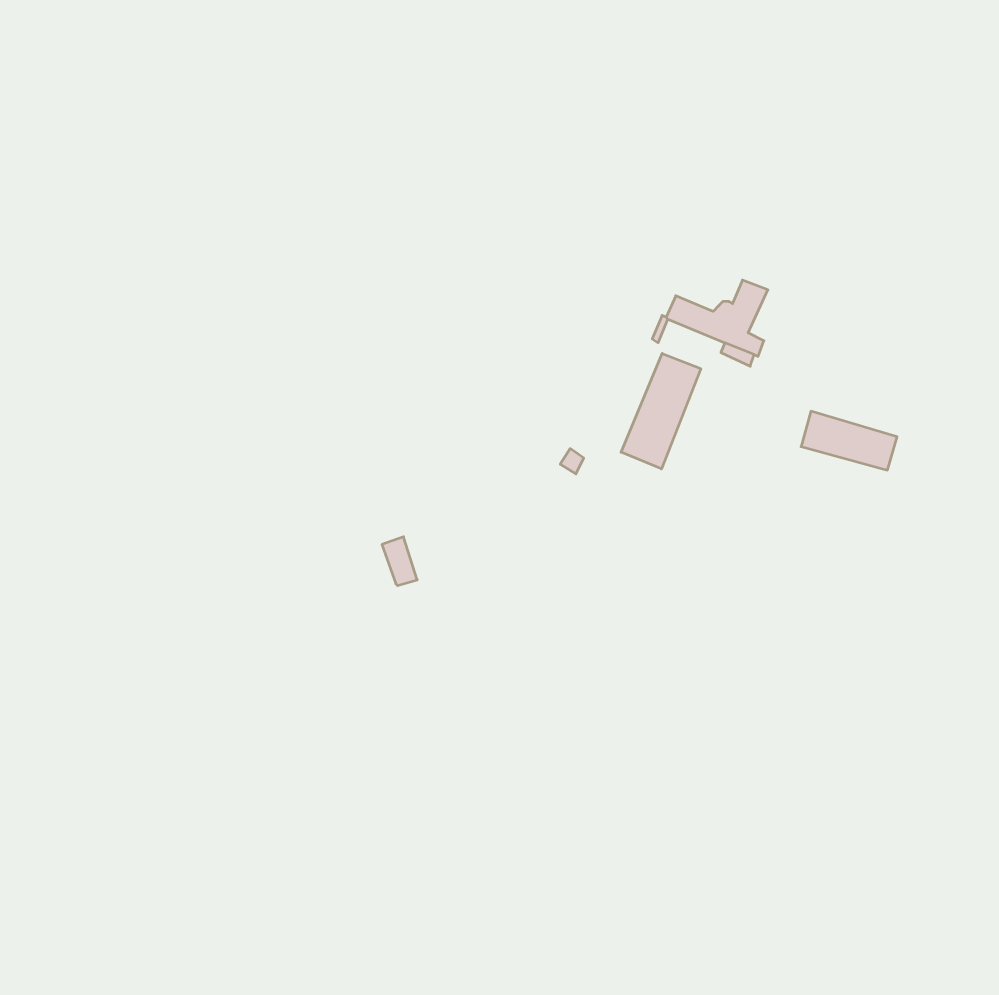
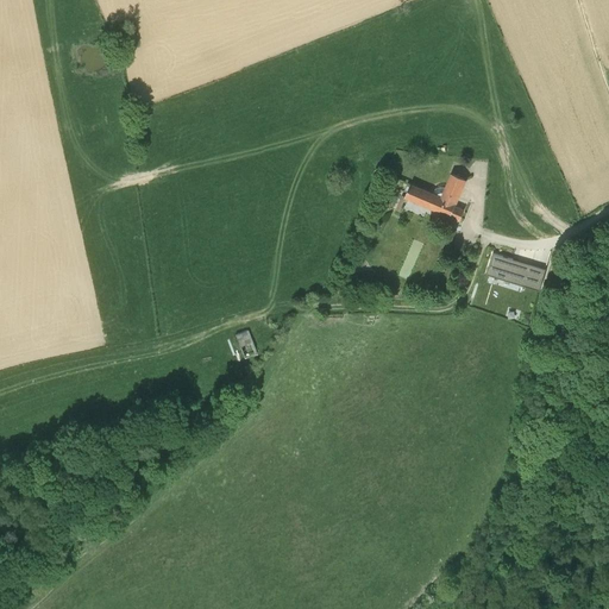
building: [621,353,701,469] -> none

